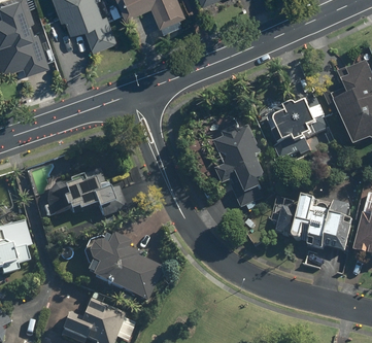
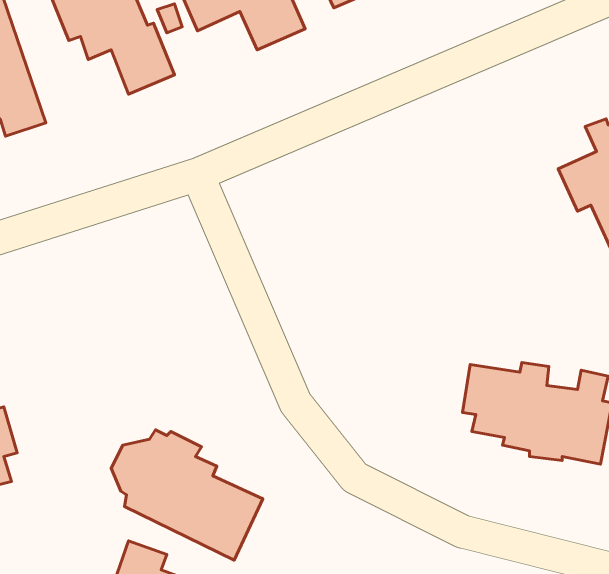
building: [267,102,329,161] -> none
building: [214,125,274,208] -> none
building: [43,168,128,219] -> none

